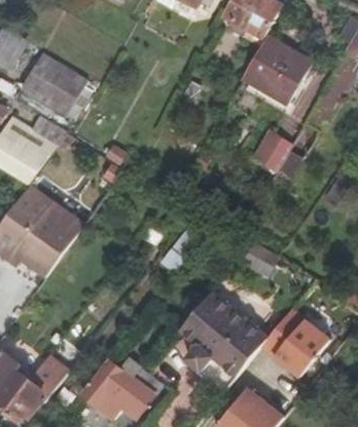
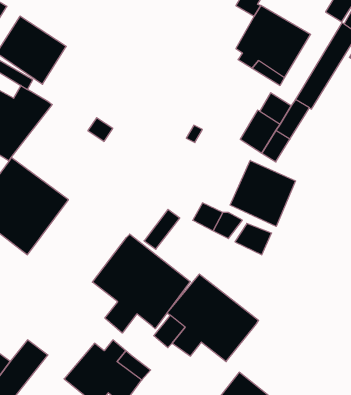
building: none -> [230,160,296,226]
building: none -> [92,234,190,333]
building: [263,308,328,373] -> none

